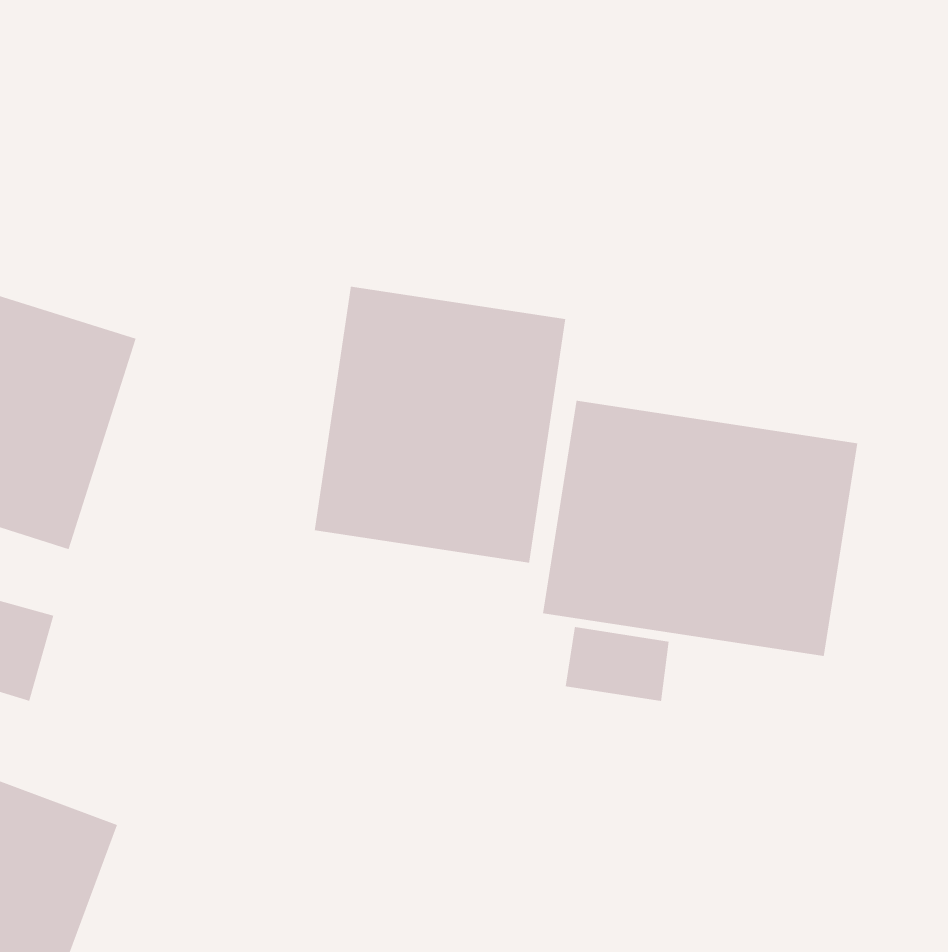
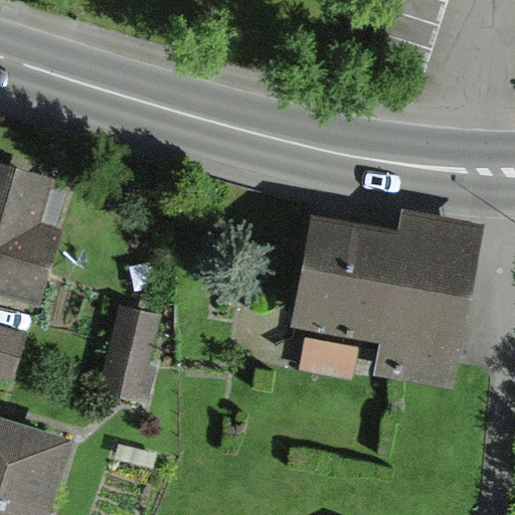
building: [314,286,566,564] -> none
building: none -> [102,300,167,397]

